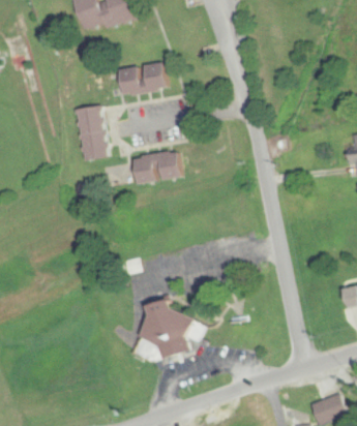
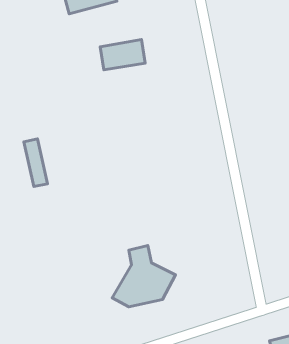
building: [77,106,103,160] -> [24,139,48,187]
building: [136,149,186,185] -> none

